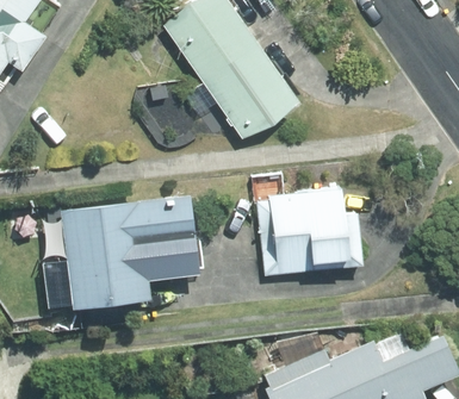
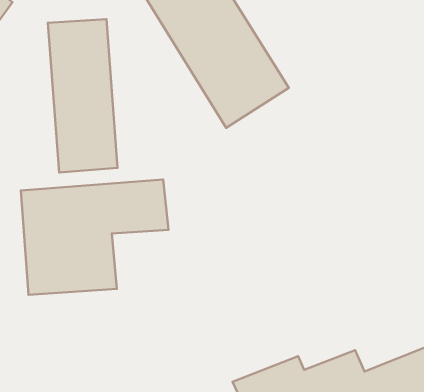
building: none -> [48,19,117,172]
building: [255,182,366,274] -> none

